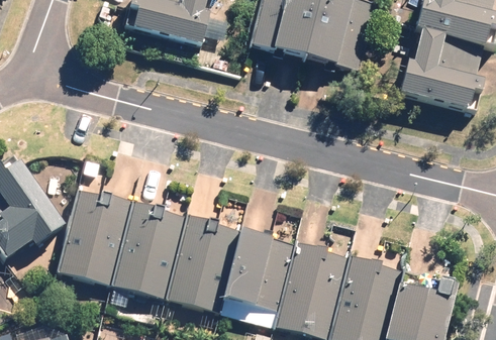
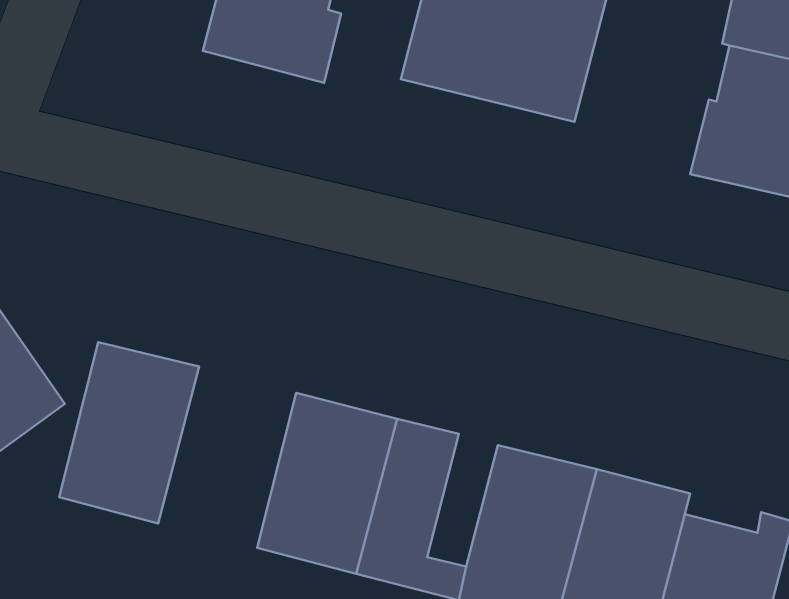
building: [113,201,188,299] -> none

